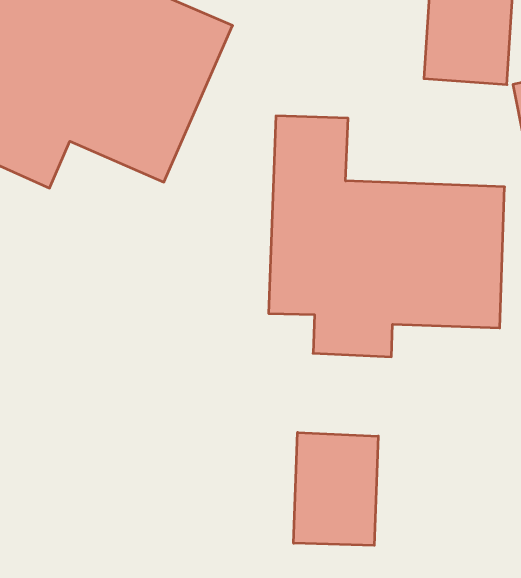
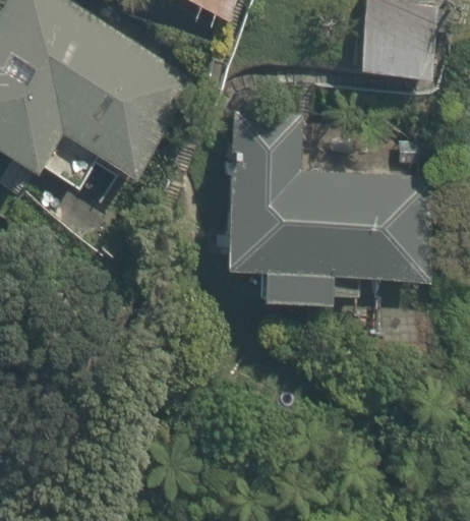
building: [294,432,378,545] -> none

